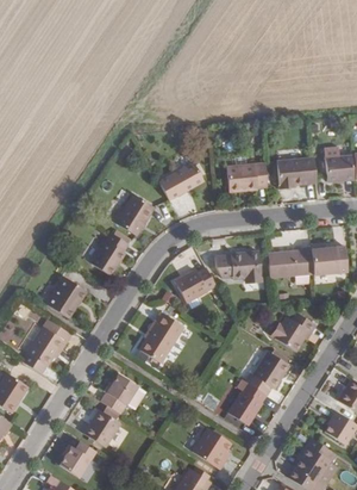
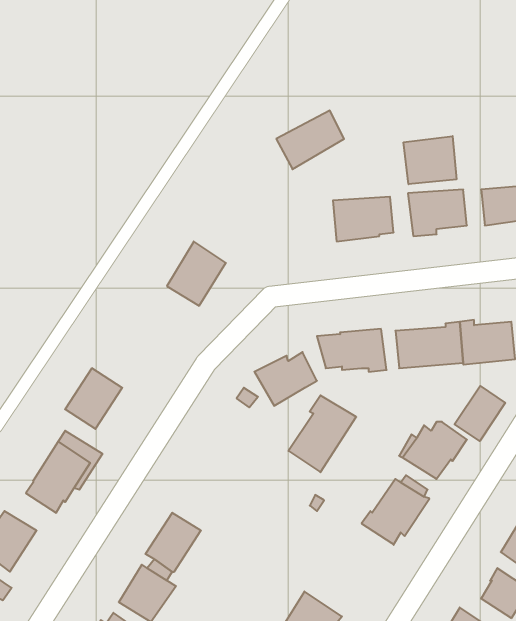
building: none -> [404,136,456,184]
building: [157,161,202,200] -> [276,110,344,169]
building: [90,231,127,275] -> none
building: none -> [455,386,505,441]
building: [138,311,183,362] -> [288,395,356,472]
building: [227,379,264,424] -> none

